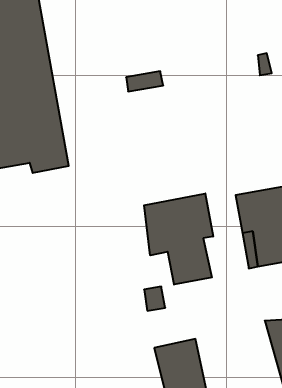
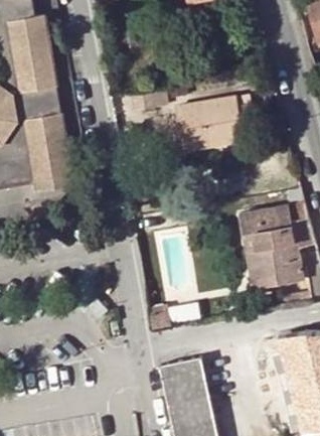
building: none -> [175,98,243,153]
building: [144,193,213,285] -> none

